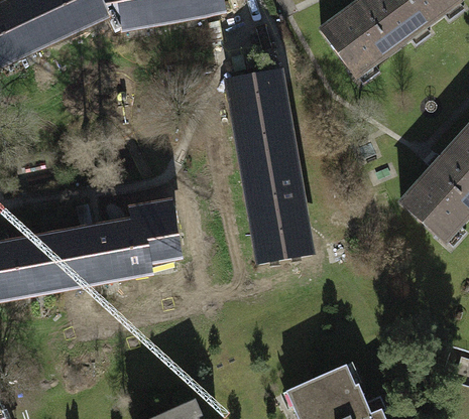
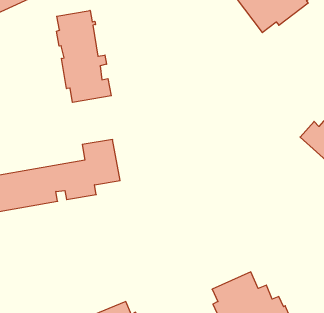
building: none -> [56,10,111,102]
building: [232,74,313,259] -> none

